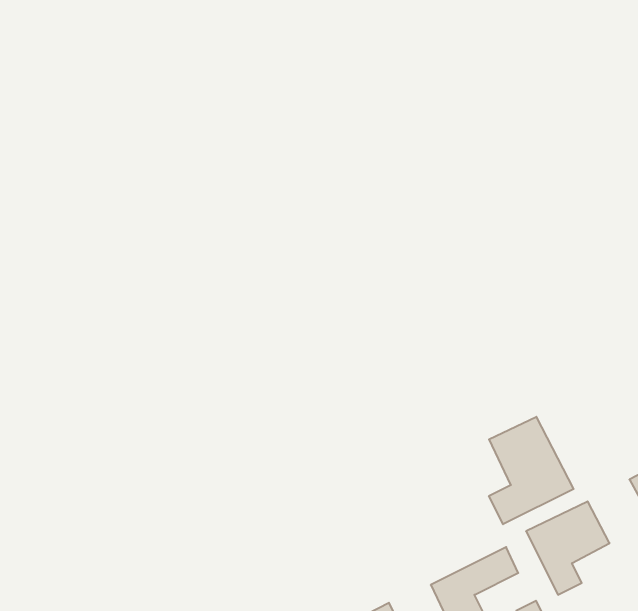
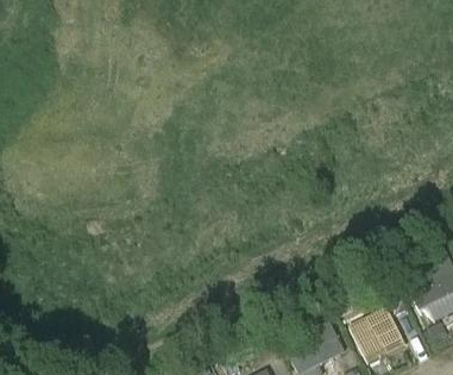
building: [489,417,574,524] -> none

